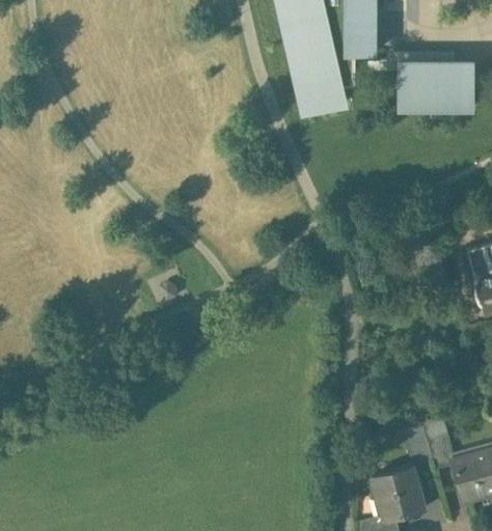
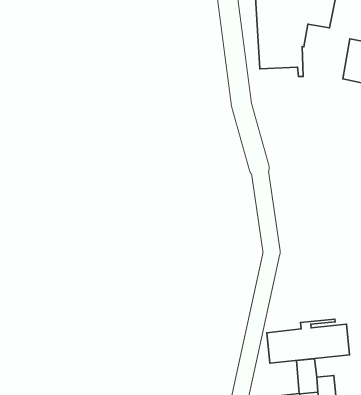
building: none -> [267,319,350,363]

